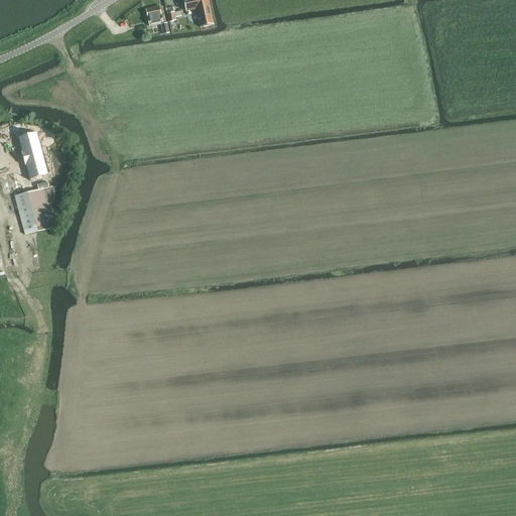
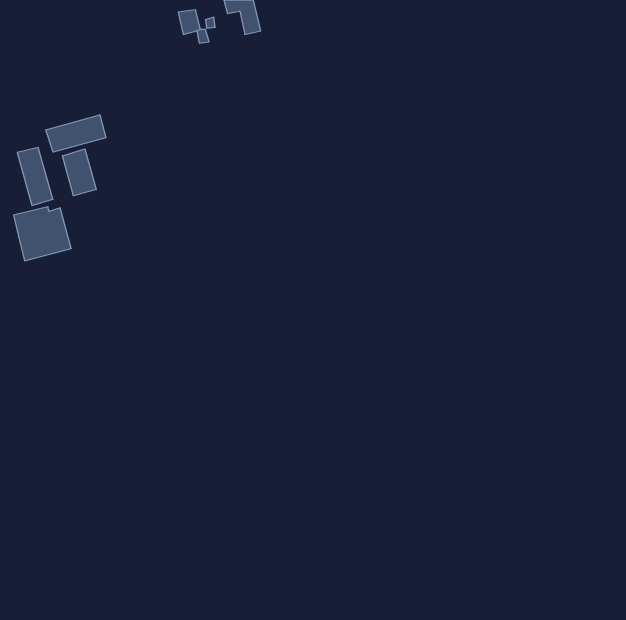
building: none -> [46,115,106,152]
building: none -> [63,149,96,196]

